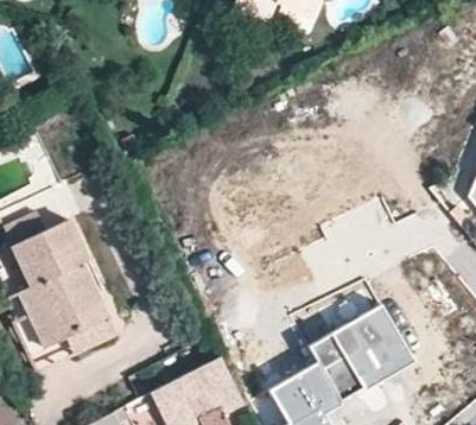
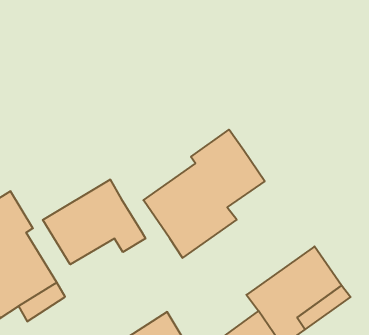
building: none -> [143,130,265,258]
building: none -> [43,179,145,264]

